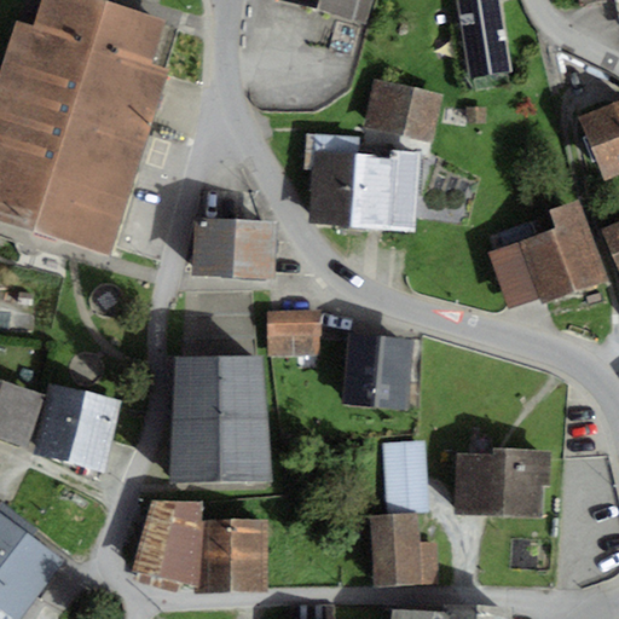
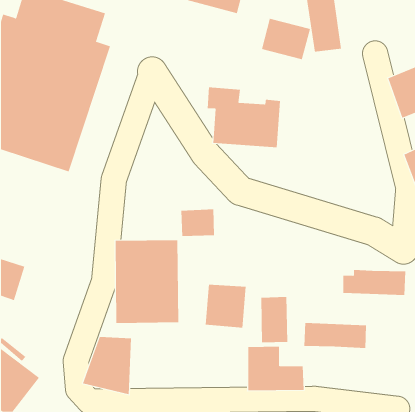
building: [365,83,439,145] -> [261,18,311,60]
building: [487,202,598,311] -> none
building: [197,216,274,268] -> none
building: [348,334,410,399] -> [205,284,246,328]
building: [30,384,121,475] -> none
building: [453,445,548,484] -> [343,270,406,296]
building: [202,520,267,586] -> none

